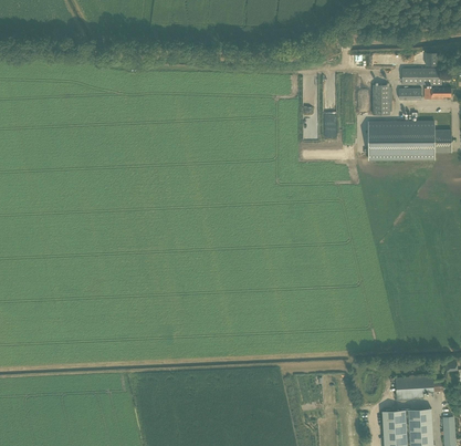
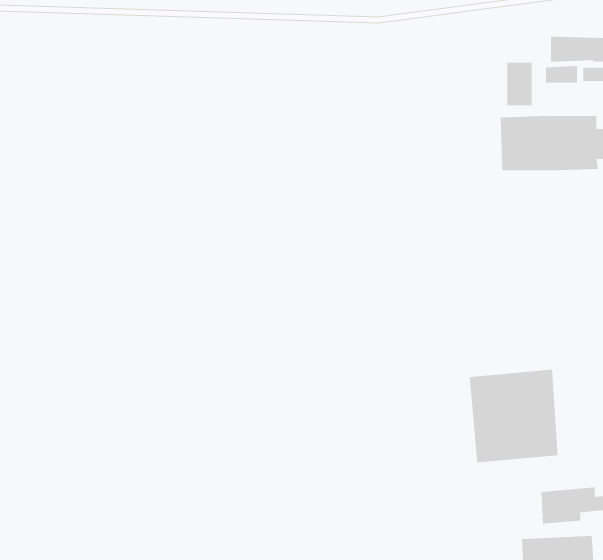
building: none -> [469,369,558,463]

